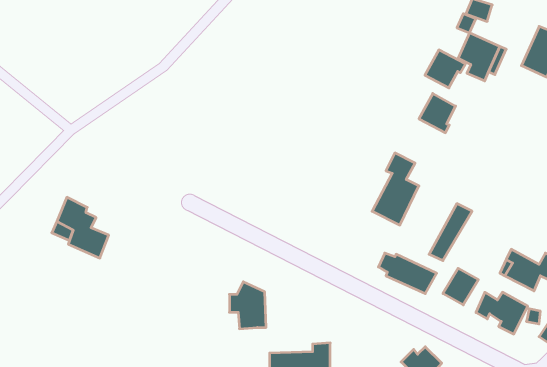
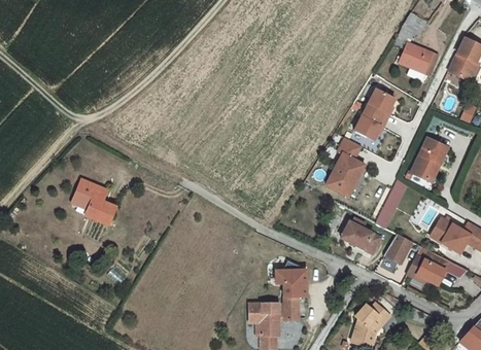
building: [425,50,465,88] -> [356,112,389,143]
building: none -> [415,140,450,182]
building: [229,282,266,329] -> [273,257,303,295]

